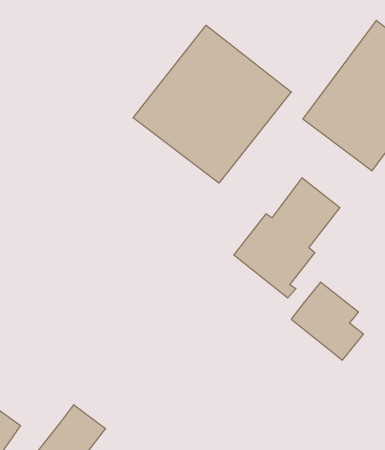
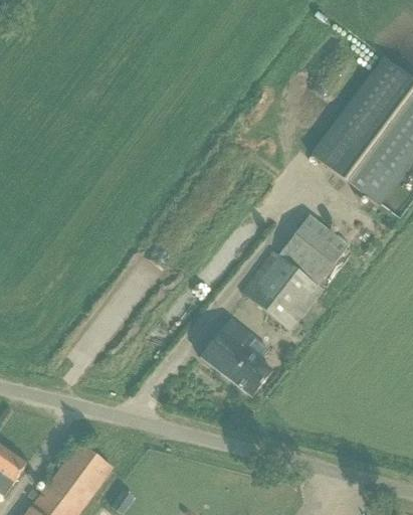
building: [133,25,291,183] -> none
building: [291,282,363,360] -> [202,319,274,397]

